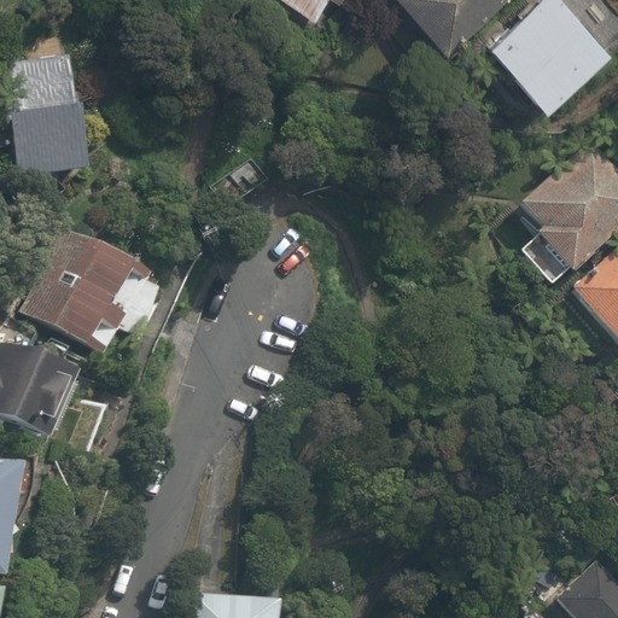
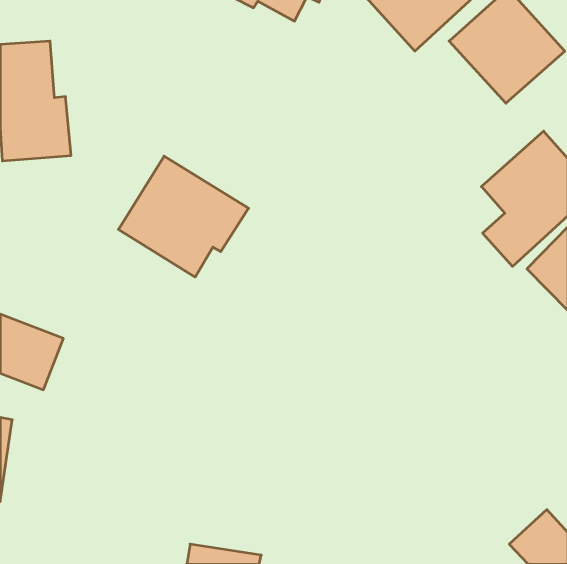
building: [23,231,164,362] -> [118,156,249,277]

